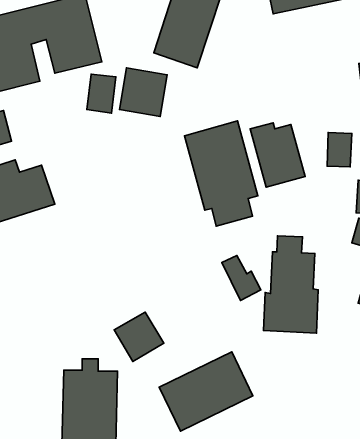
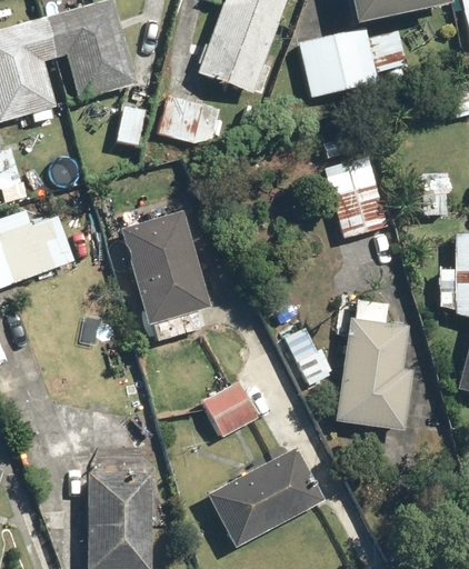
building: none -> [298,29,405,98]
building: [184,121,258,226] -> [118,211,210,343]
building: [114,312,164,362] -> [199,378,261,440]

